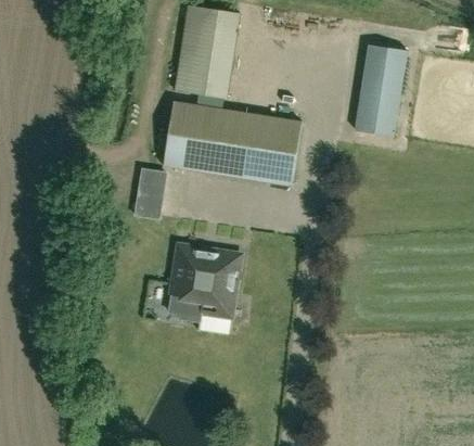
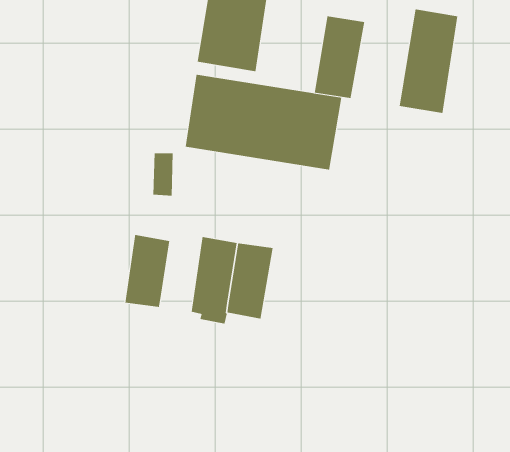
building: none -> [314,15,365,99]
building: none -> [125,234,170,308]

